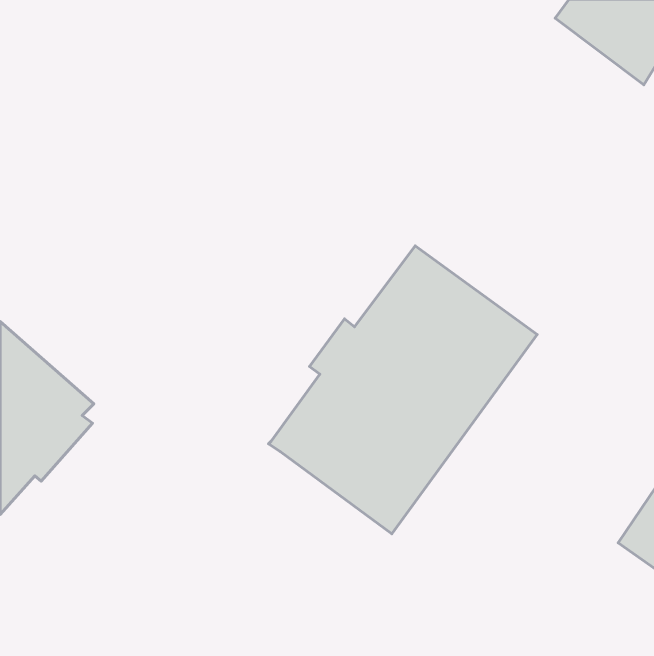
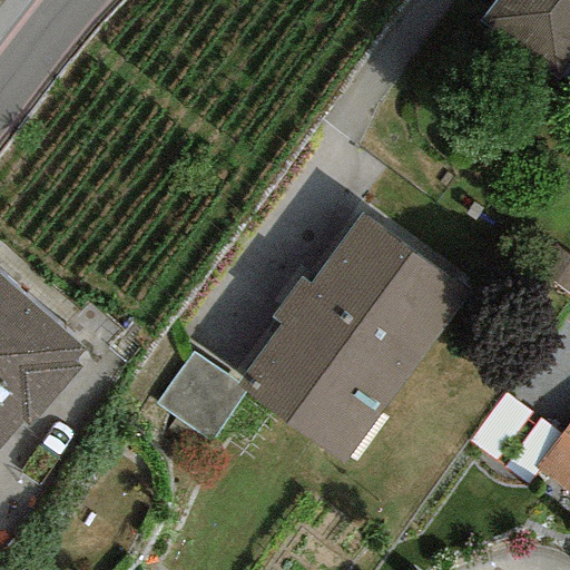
building: none -> [157,353,245,442]

